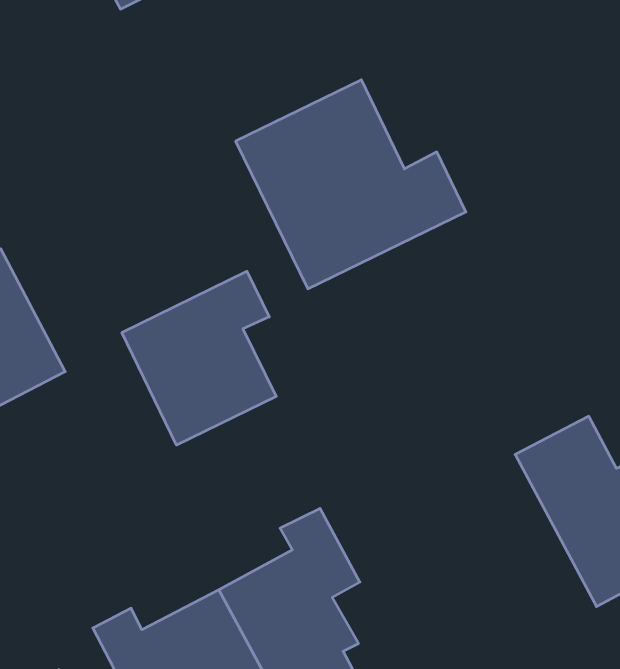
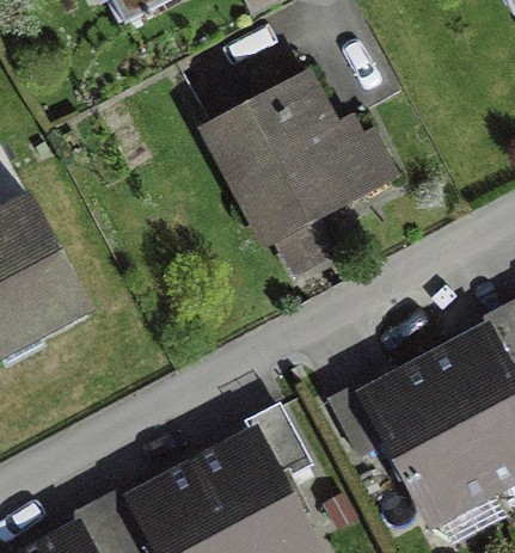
building: [122,271,276,445] -> none
building: none -> [369,367,492,517]

